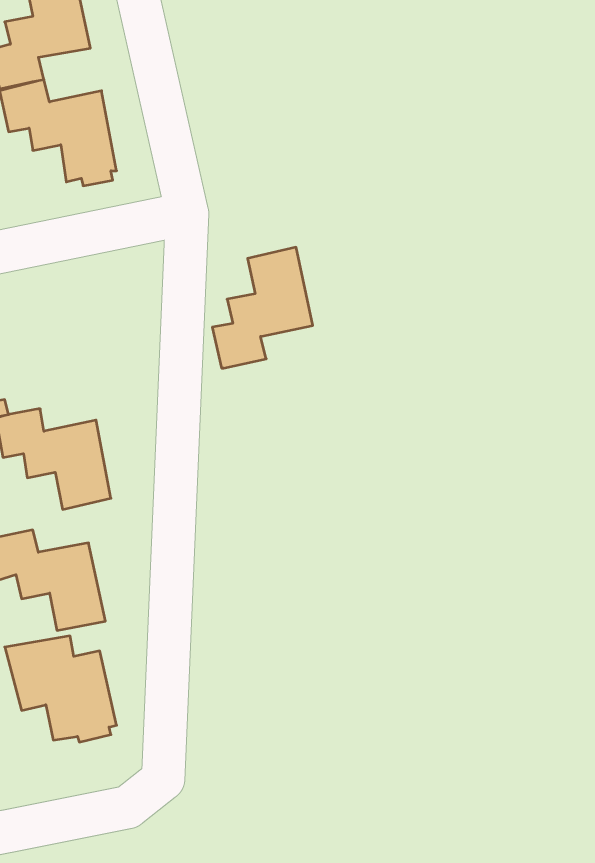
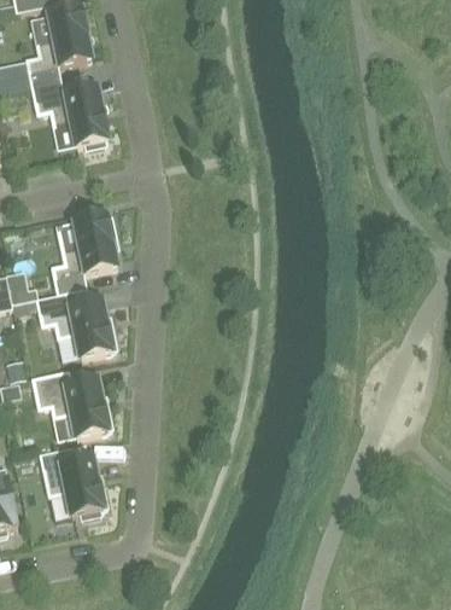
building: [212,247,313,368] -> [52,211,117,290]

